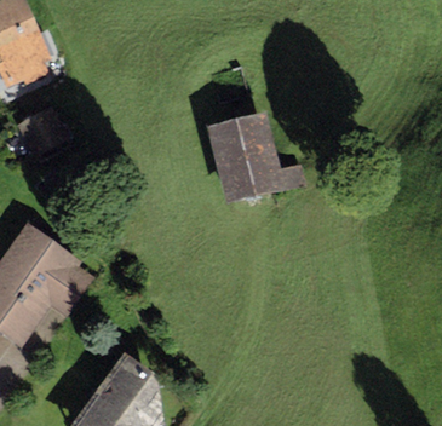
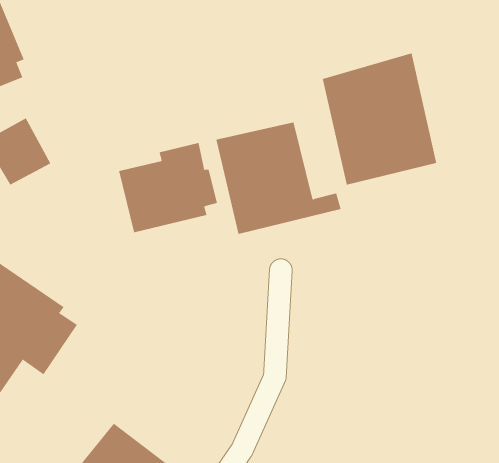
building: none -> [322,52,437,186]
building: none -> [119,142,218,233]

